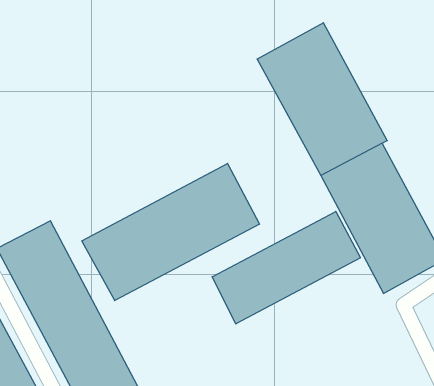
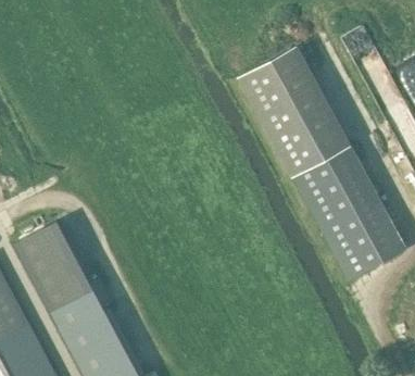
building: [82,163,259,301] -> none
building: [212,211,360,324] -> none

